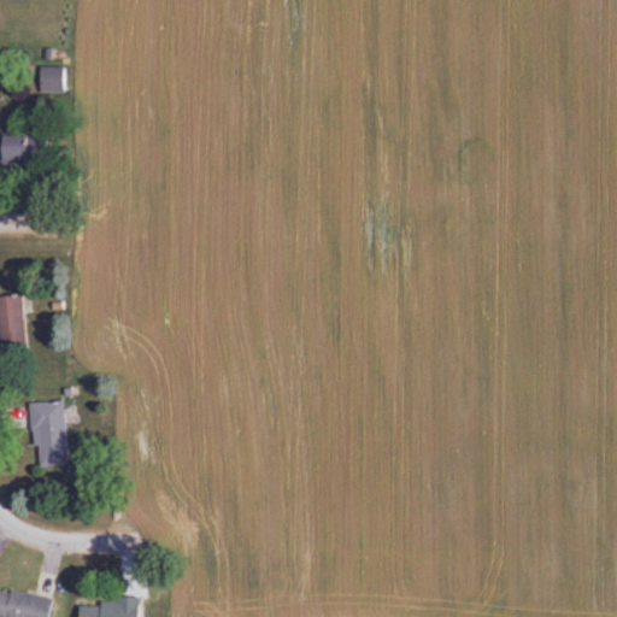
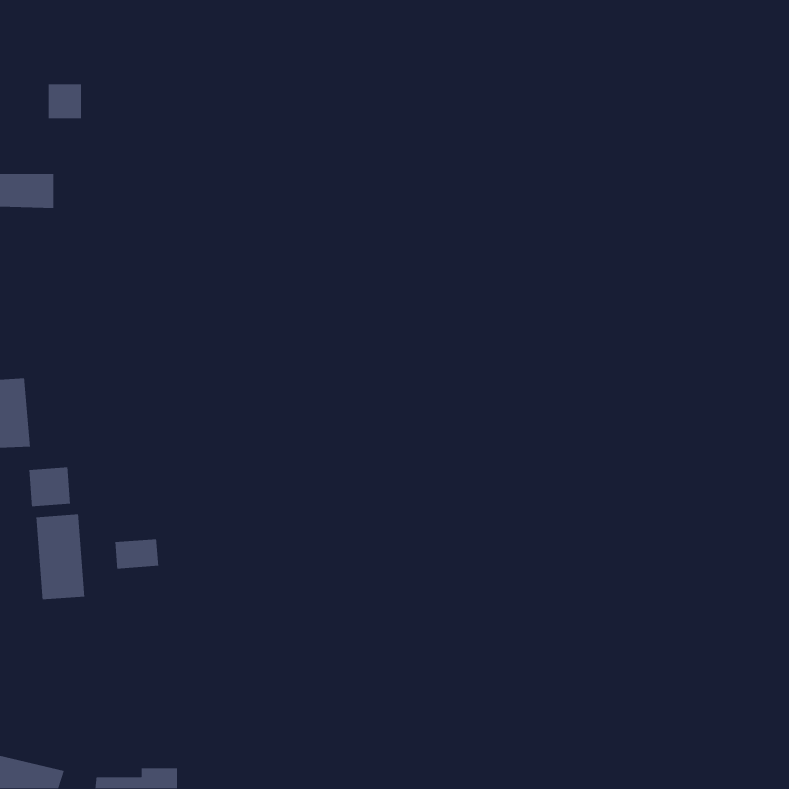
building: none -> [28,467,71,507]
building: none -> [114,538,159,569]

